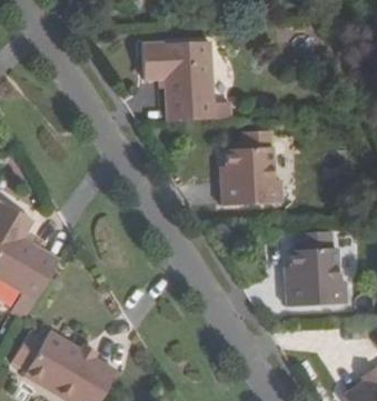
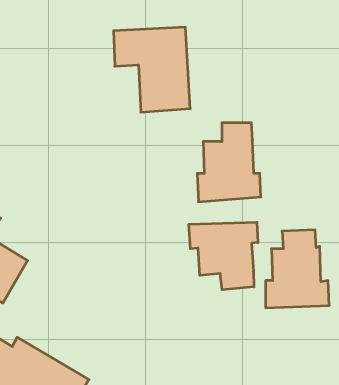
building: none -> [189,222,258,290]

